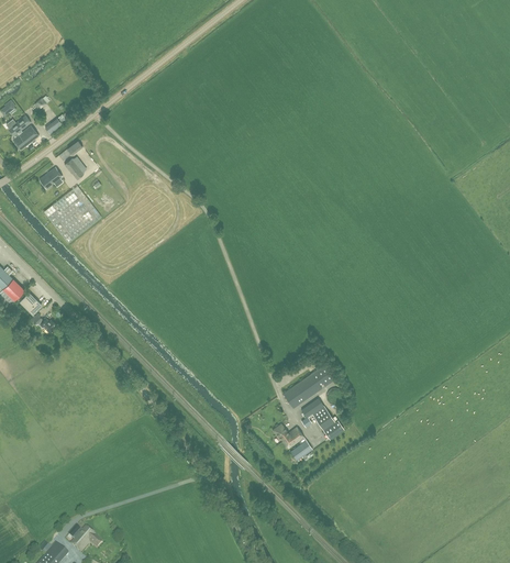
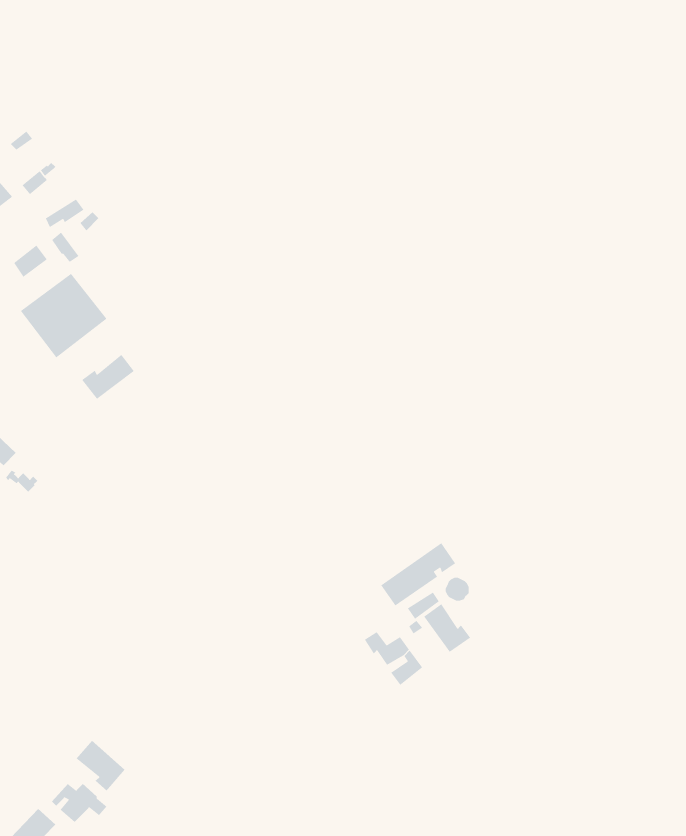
building: none -> [81,354,135,400]
building: none -> [75,740,125,792]

